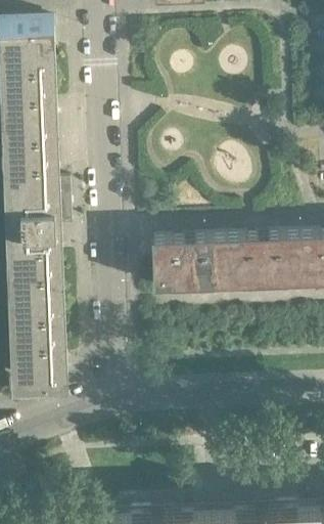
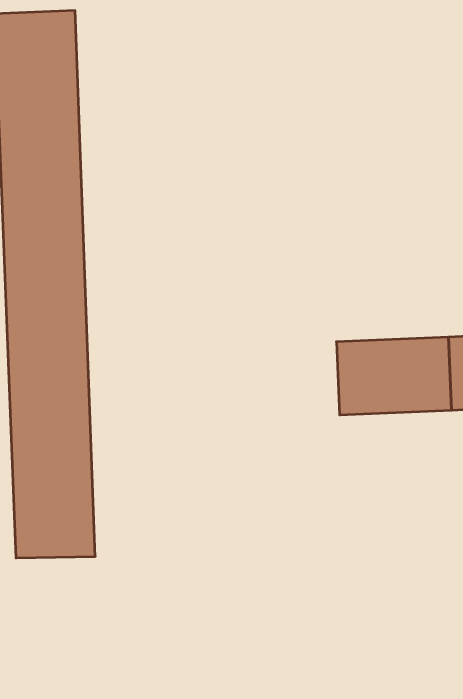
building: [149,243,225,294] -> none

